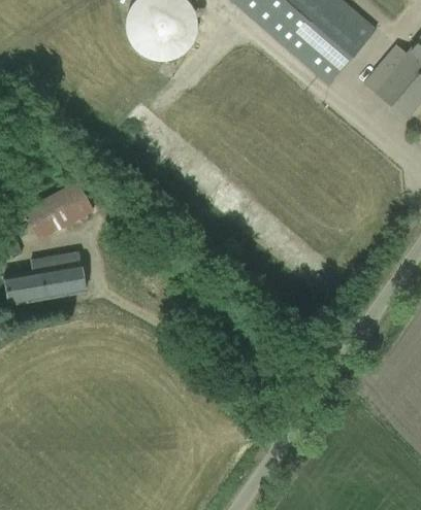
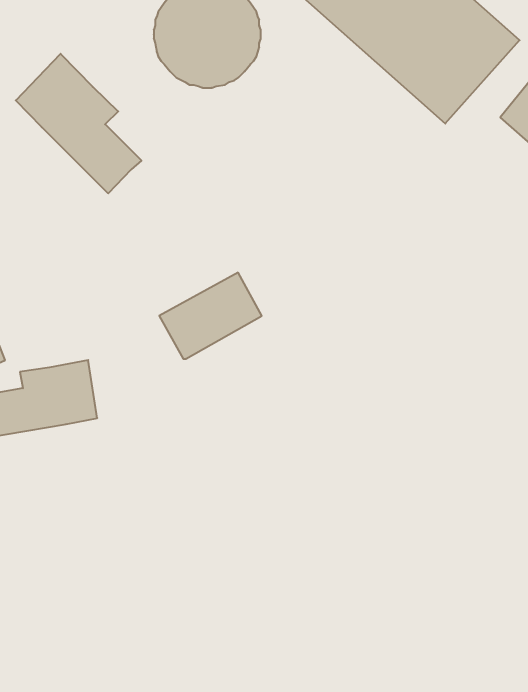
building: none -> [16,54,141,193]
building: [23,179,94,239] -> [159,273,262,359]

